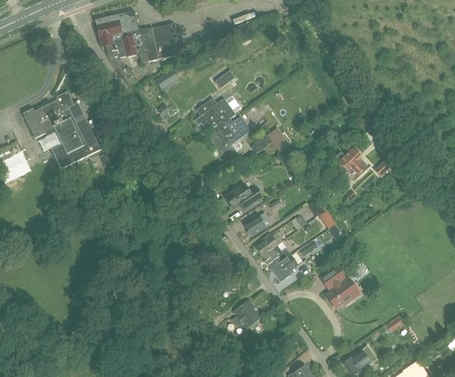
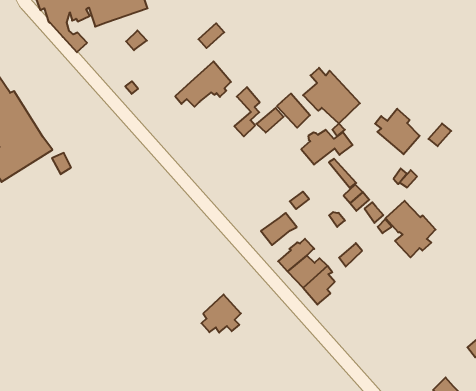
building: none -> [303,68,360,123]
building: [210,120,243,147] -> none
building: [224,184,262,208] -> [301,130,353,165]
building: [321,267,356,308] -> [385,201,436,257]
building: [232,301,261,328] -> [201,294,241,333]

